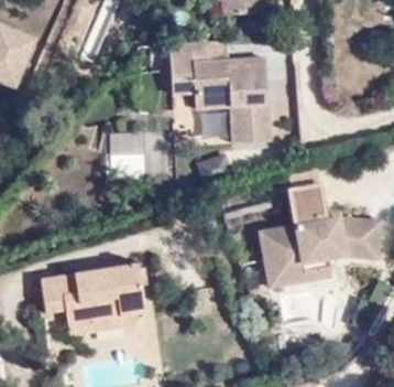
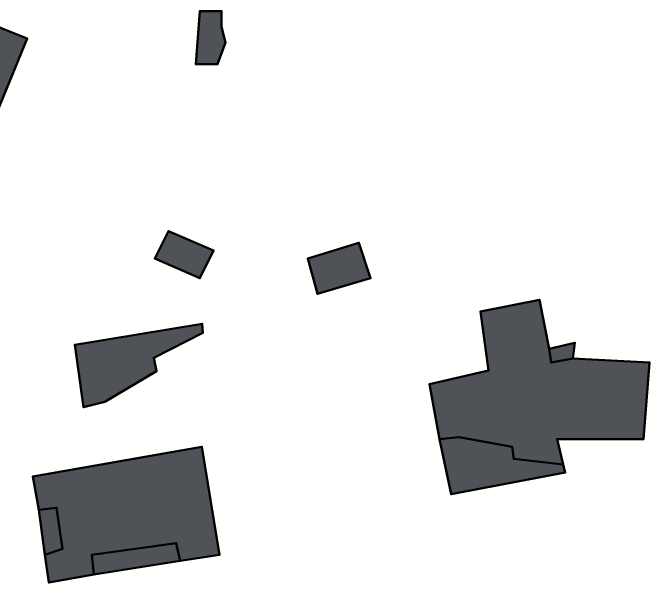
building: [163,43,264,144] -> none
building: none -> [75,324,203,407]

